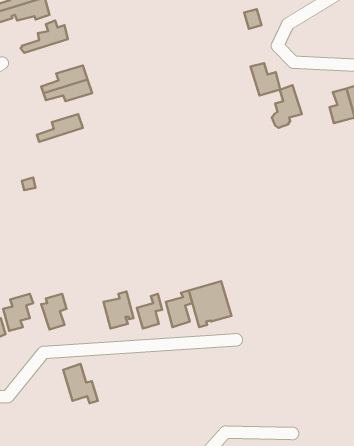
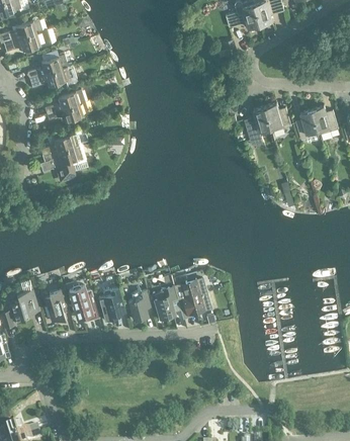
building: none -> [28,65,77,87]
building: [250,63,280,95] -> [264,103,290,131]
building: none -> [38,144,85,176]
building: [63,364,98,403] -> [68,285,98,320]

